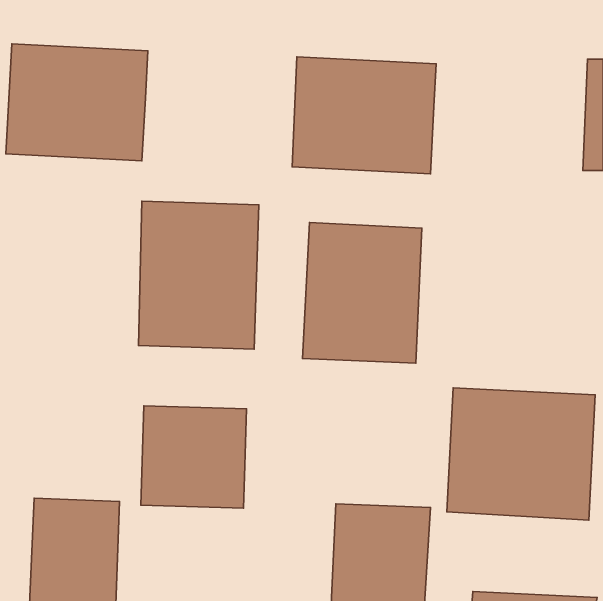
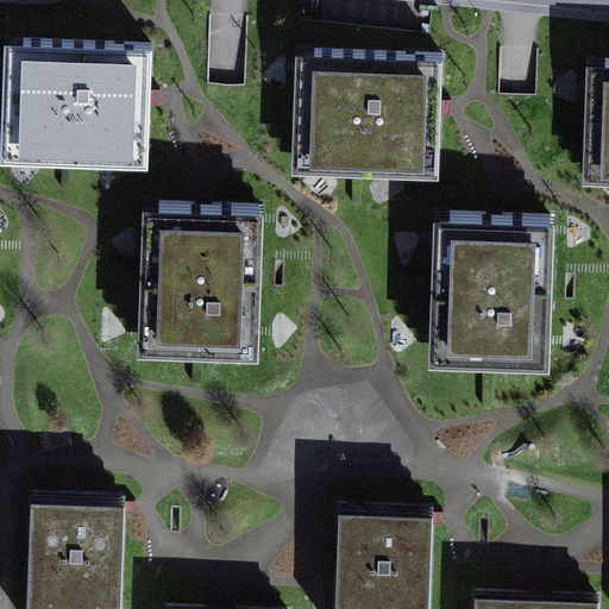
building: [302,222,422,363] -> [429,219,550,360]
building: [447,388,595,520] -> none
building: [141,406,246,508] -> none

